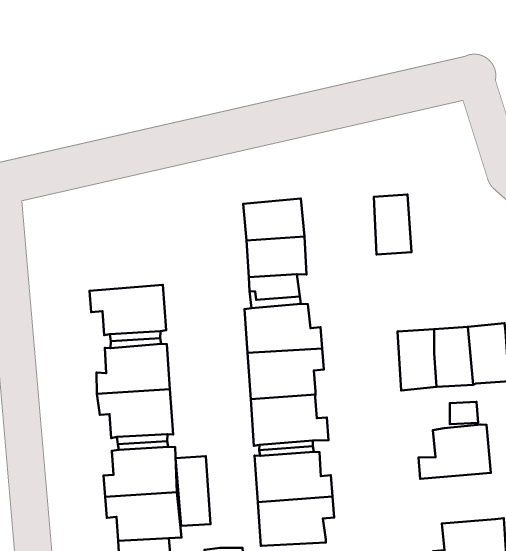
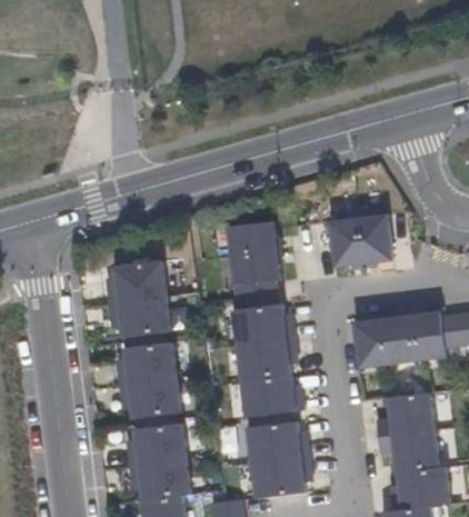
building: none -> [356,210,391,259]
building: none -> [106,261,166,304]
building: [176,456,210,526] -> none
building: none -> [378,430,439,473]

